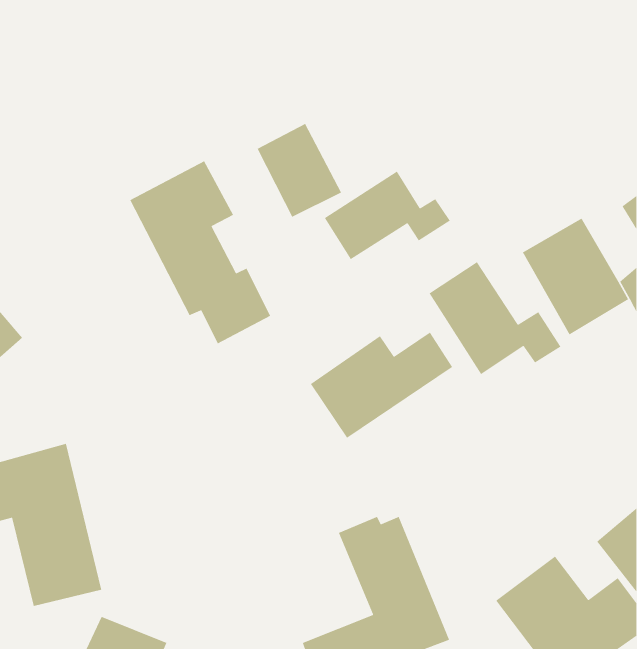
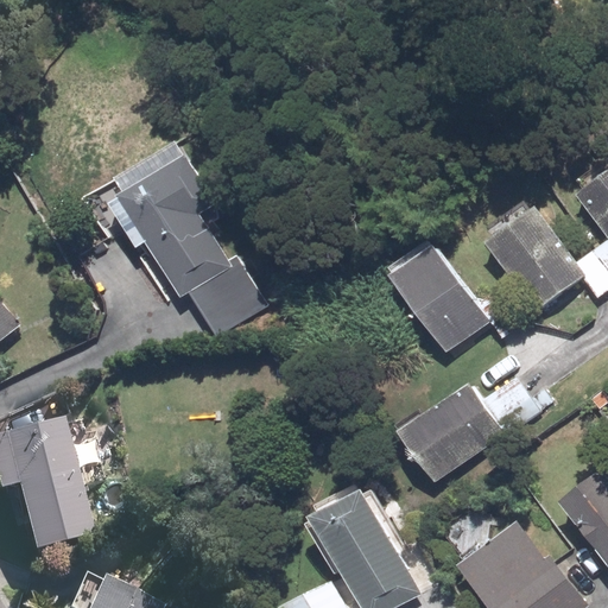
building: [256,123,342,218] -> none
building: [324,170,451,260] -> none
building: [310,331,453,439] -> [395,381,528,481]

